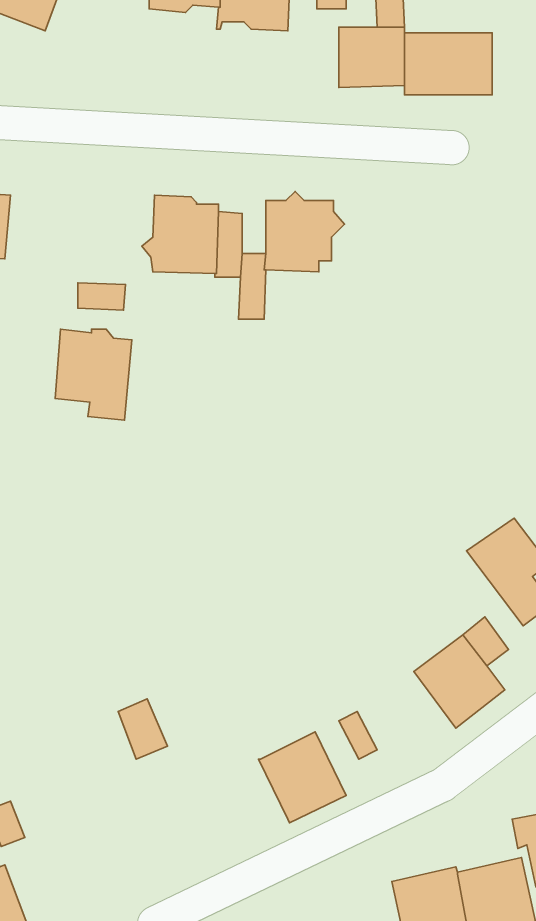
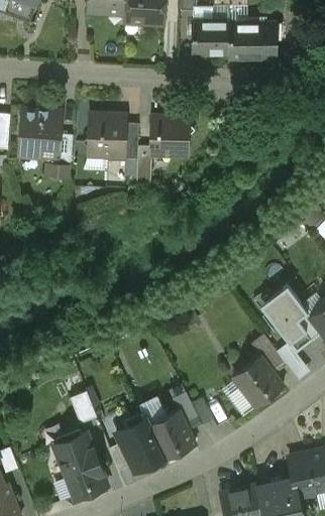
building: [55,329,132,420] -> [19,109,62,159]
building: none -> [116,411,164,471]
building: none -> [55,432,107,498]

